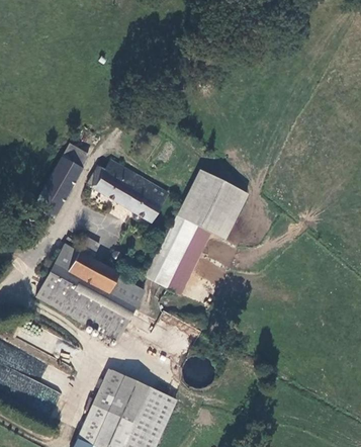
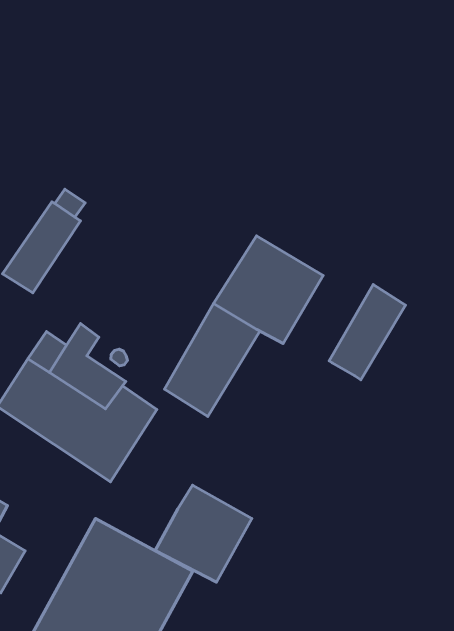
building: [89,160,168,222] -> none
building: none -> [329,284,406,380]
building: none -> [155,485,252,582]

